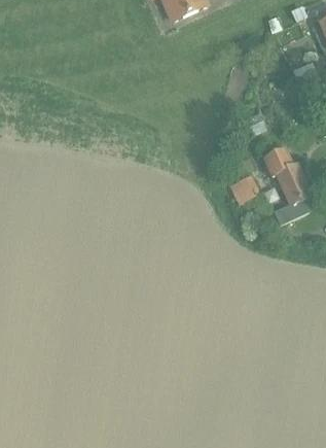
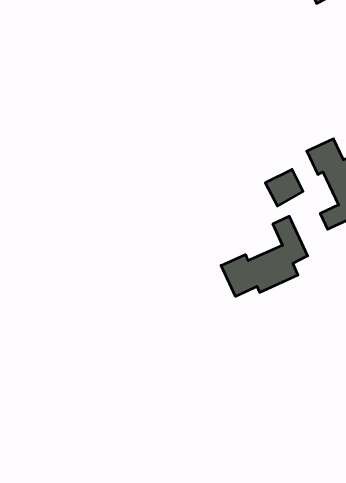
building: none -> [221,216,308,296]

